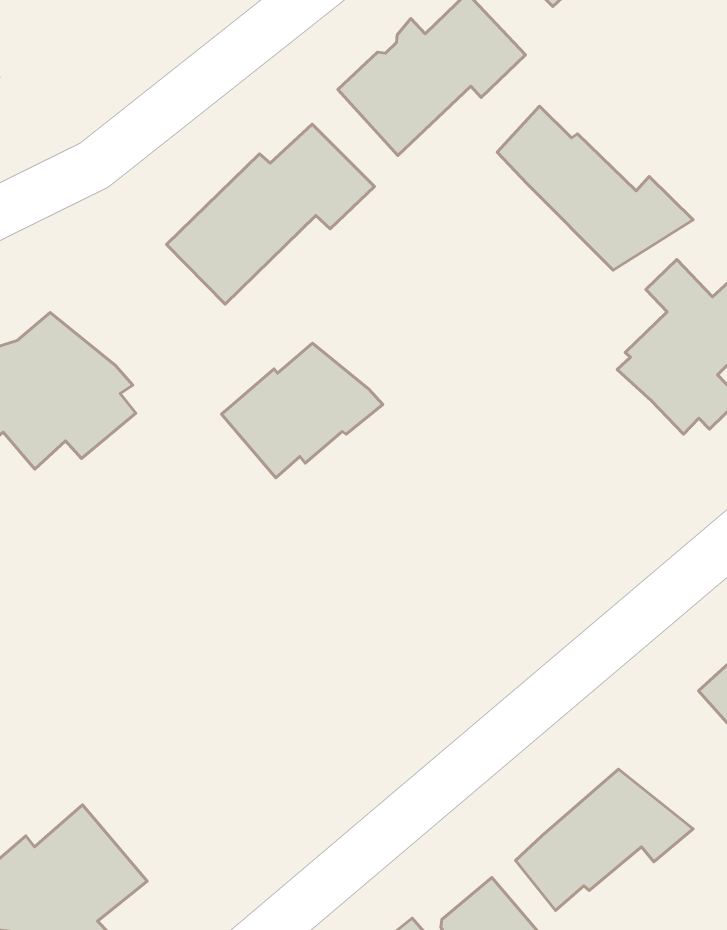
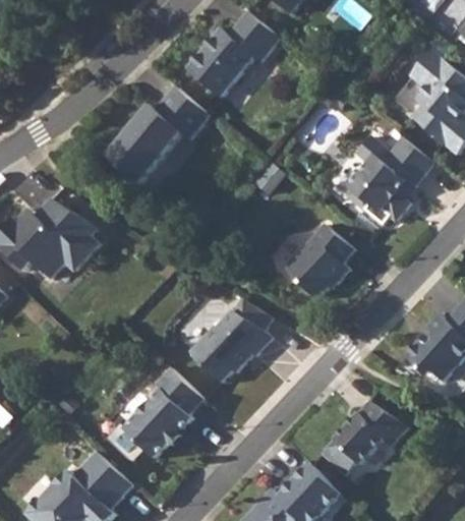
building: [497,106,693,270] -> none
building: [222,343,383,478] -> [189,311,272,383]
building: none -> [283,225,353,301]
building: none -> [122,368,202,458]

